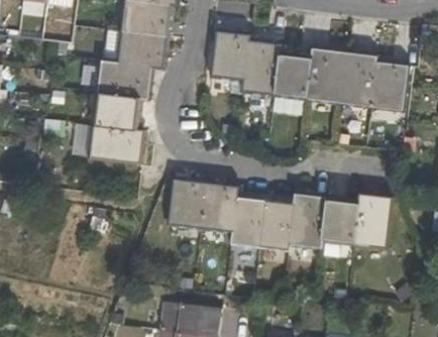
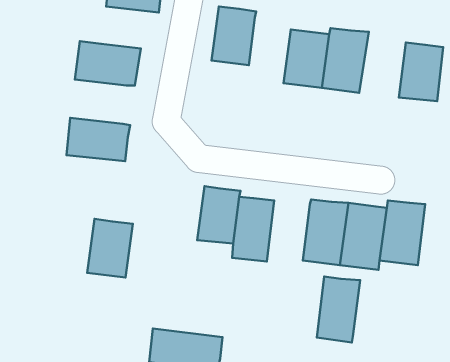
building: [119,30,168,67] -> none
building: [241,39,279,95] -> none
building: [336,51,375,107] -> none
building: [93,92,140,129] -> none
building: [168,178,206,227] -> [87,219,133,278]
building: [258,194,295,249] -> [317,277,360,342]

